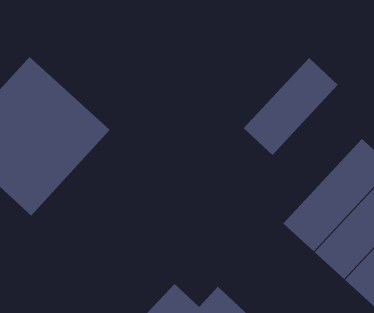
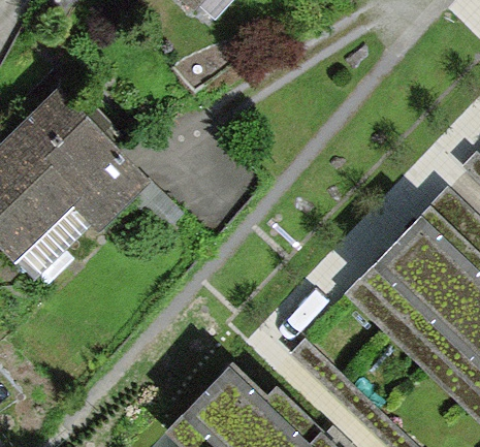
building: [243,57,339,156] -> none

